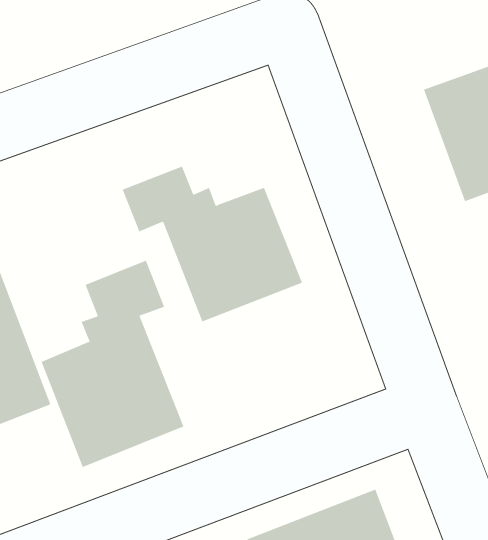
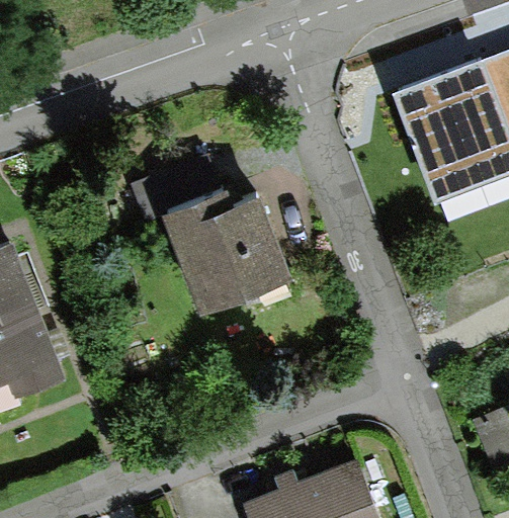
building: [41,260,184,468] -> none

